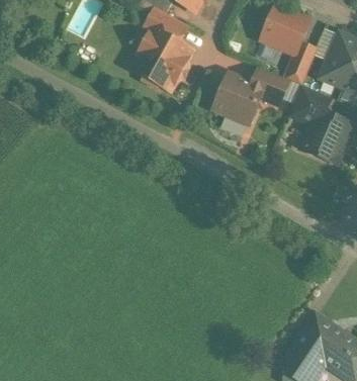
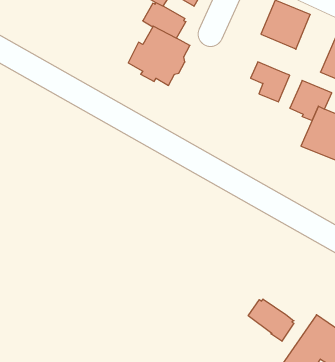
building: [285,42,317,84] -> none
building: [214,77,264,123] -> none
building: none -> [248,299,294,341]

